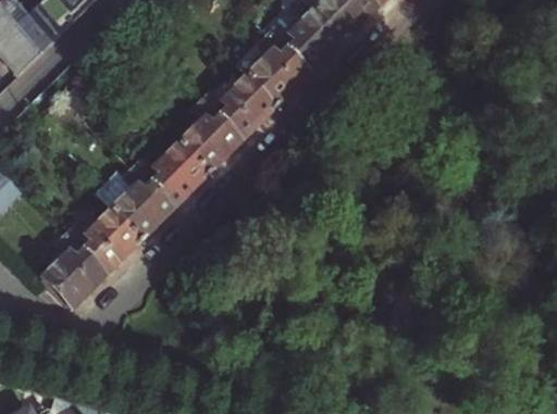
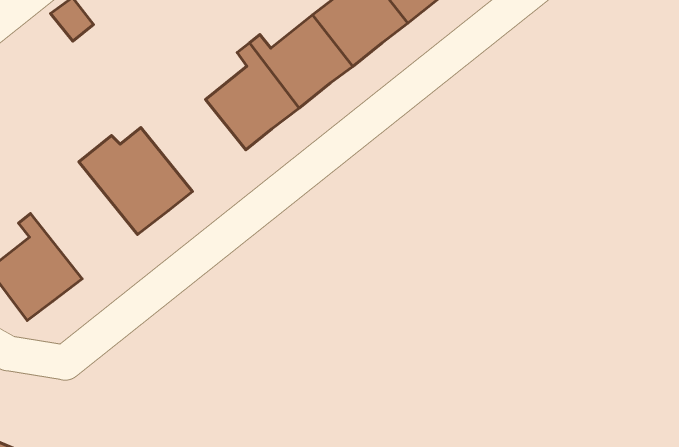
building: [134,140,208,204] -> none
building: [64,206,139,273] -> none

